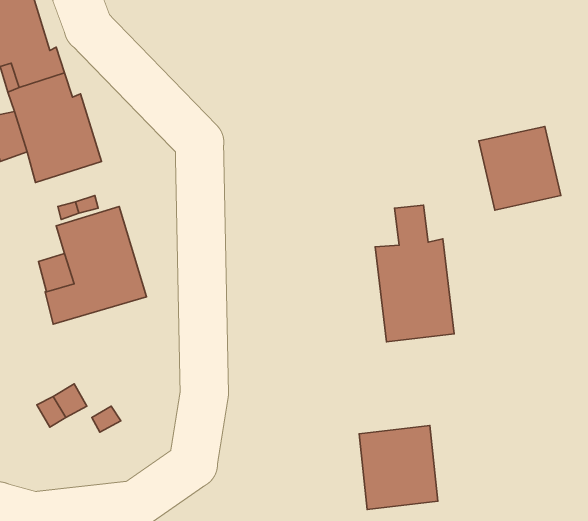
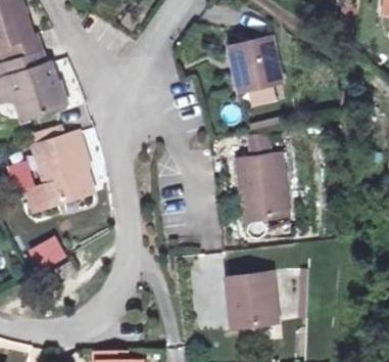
building: [479,126,561,210] -> [230,37,282,90]

